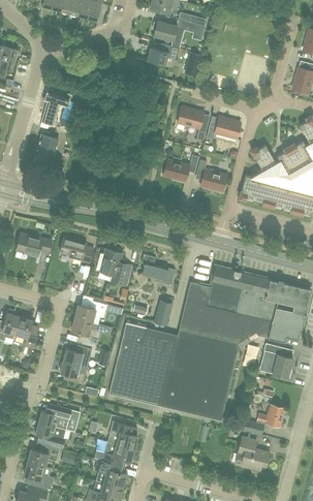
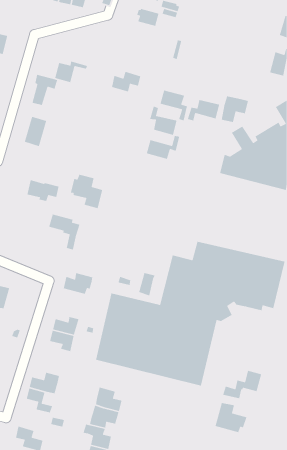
building: [147,42,179,65] -> [111,71,141,92]
building: none -> [54,60,88,83]
building: none -> [221,95,249,123]
building: [196,159,226,191] -> [149,106,177,136]
building: [15,232,51,256] -> [26,179,60,202]
building: [96,249,131,286] -> [70,174,103,209]
building: [142,254,175,285] -> none
building: [12,314,35,349] -> none
building: [70,317,101,345] -> none
building: [262,343,292,377] -> none
building: [27,444,59,467] -> none

